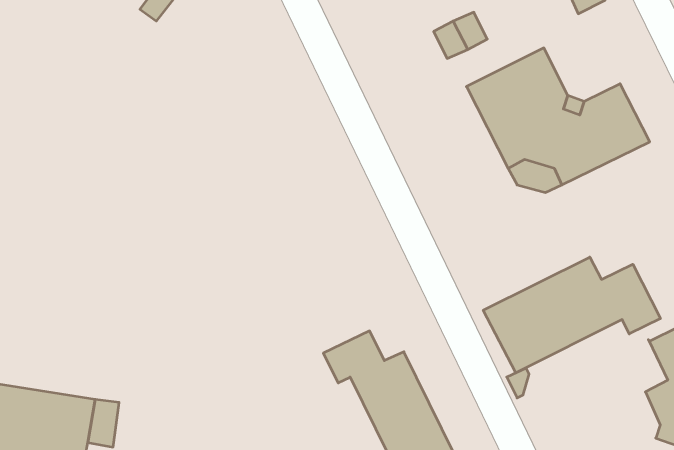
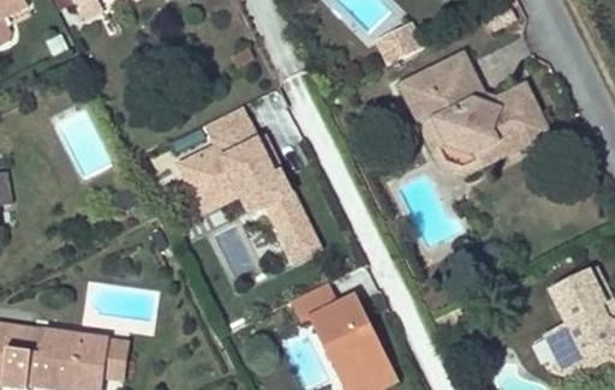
building: none -> [177,103,318,258]
building: [483,257,660,373] -> none

